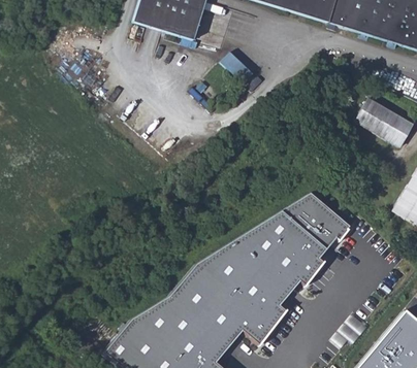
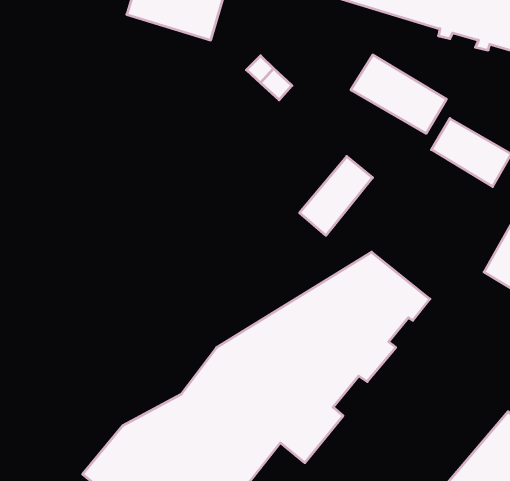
building: none -> [351,55,446,133]
building: none -> [300,156,373,235]

